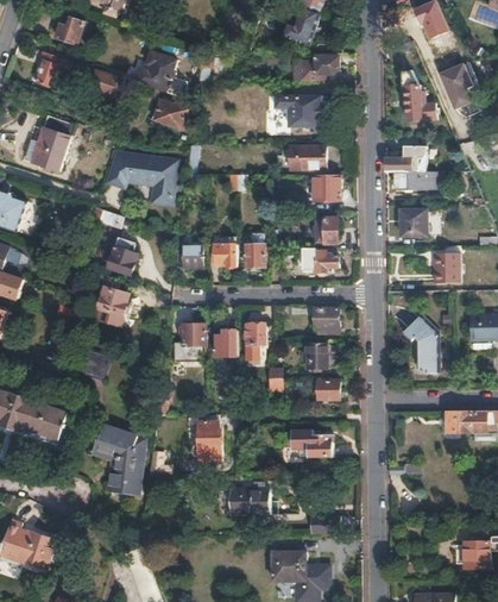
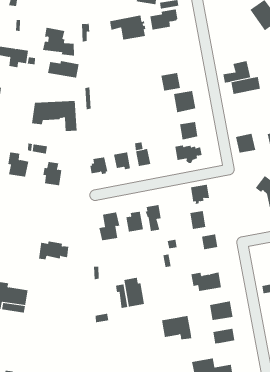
building: [404,86,435,121] -> none
building: [273,98,323,128] -> [109,15,146,40]
building: [401,211,427,236] -> [235,133,256,153]
building: [96,278,128,318] -> [7,152,29,177]
building: [93,425,144,495] -> none
building: none -> [209,301,233,321]

